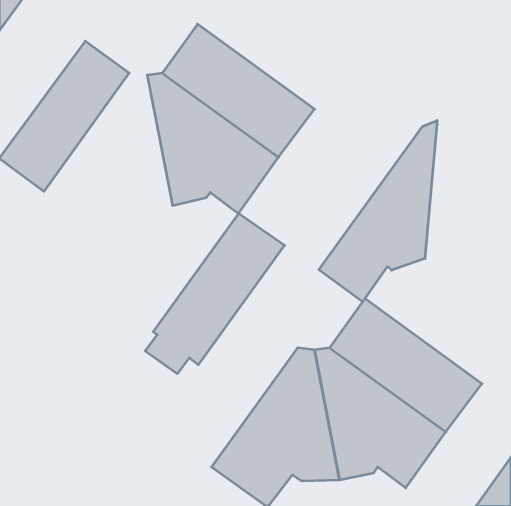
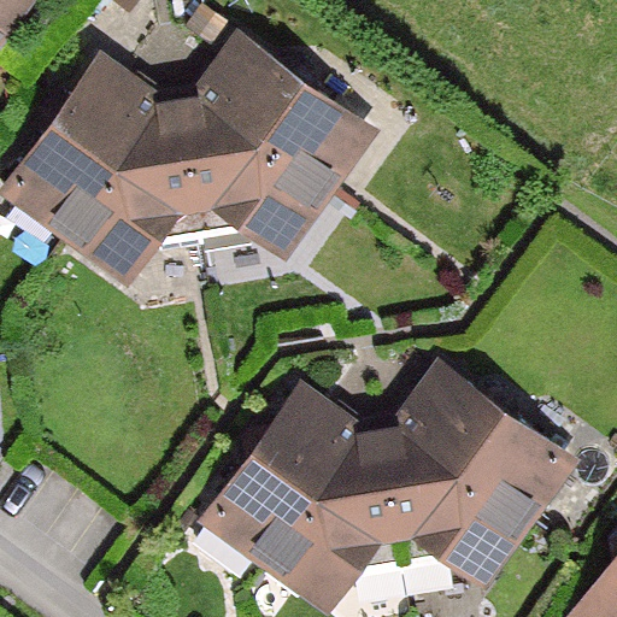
building: none -> [53,88,207,281]
building: [319,120,437,302] -> none
building: [145,213,285,374] -> [190,380,358,572]

